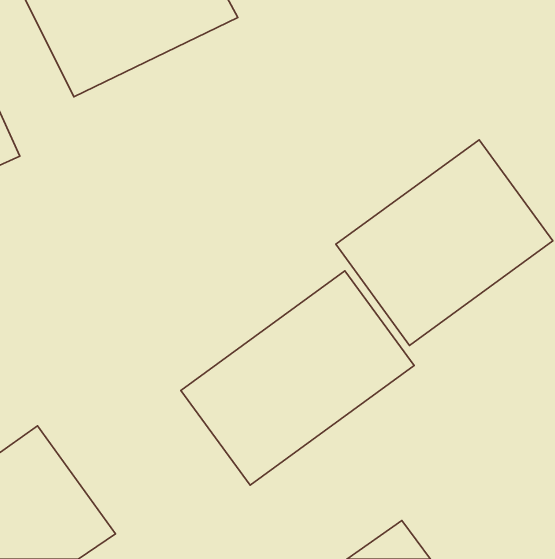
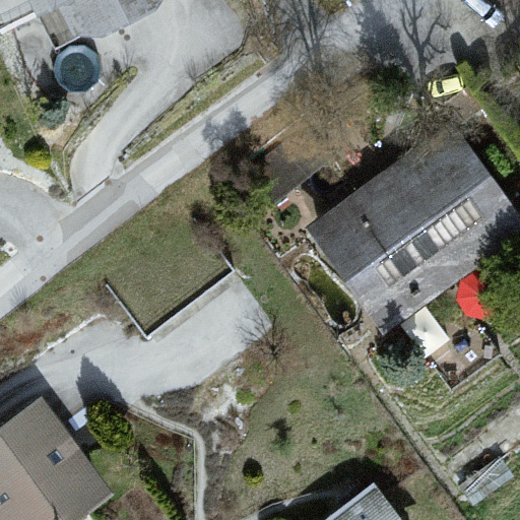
building: [181,271,414,485] -> none

